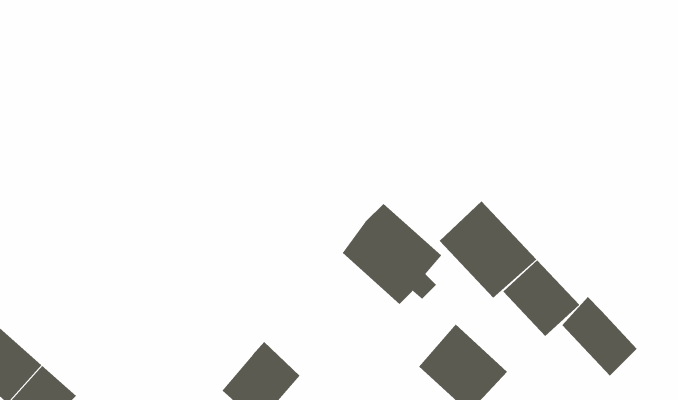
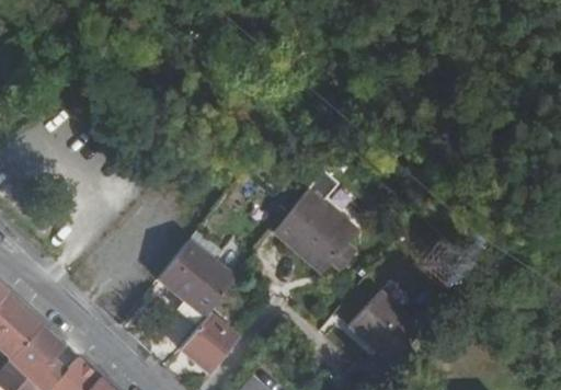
building: [439,200,537,299] -> none
building: none -> [159,236,243,317]
building: [562,296,638,376] -> none

